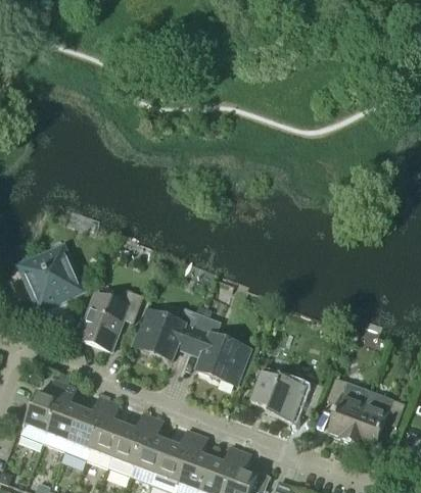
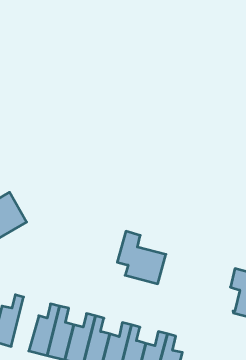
building: [76,289,144,351] -> none
building: [133,307,203,358] -> none
building: [250,365,324,423] -> none
building: [43,382,82,450] -> none

